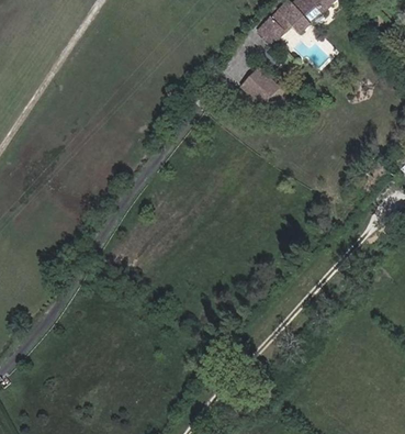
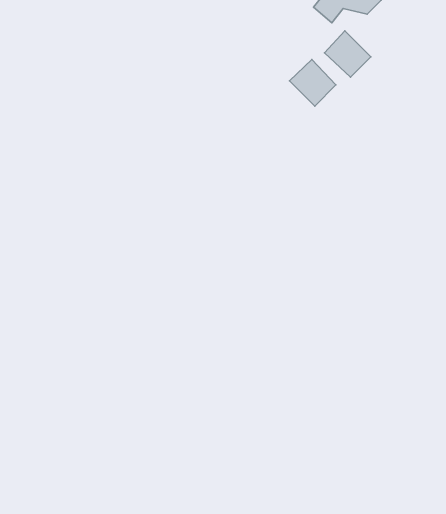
building: none -> [325,31,371,77]

